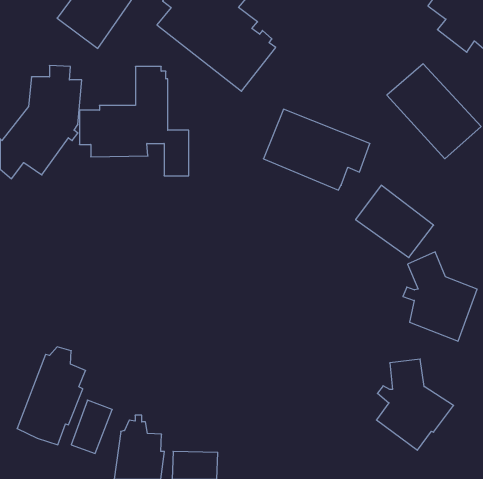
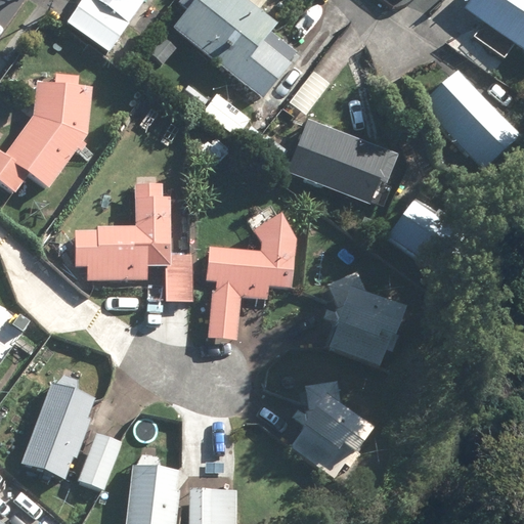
building: [79,67,189,176] -> [75,182,192,300]
building: none -> [206,214,296,339]
building: [403,252,477,341] -> [322,269,402,365]
building: [376,359,454,450] -> [291,379,374,477]

